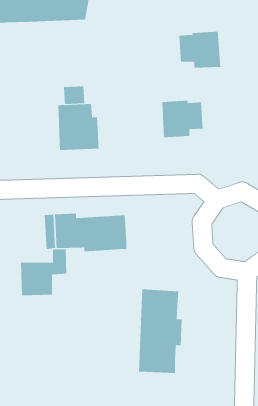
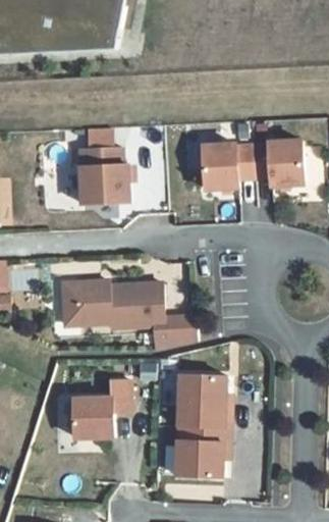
building: [178,31,221,68] -> [253,141,305,186]
building: none -> [154,315,197,350]
building: [20,249,67,296] -> [74,379,131,436]

